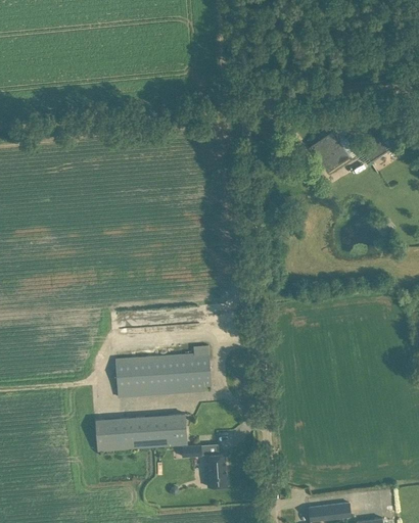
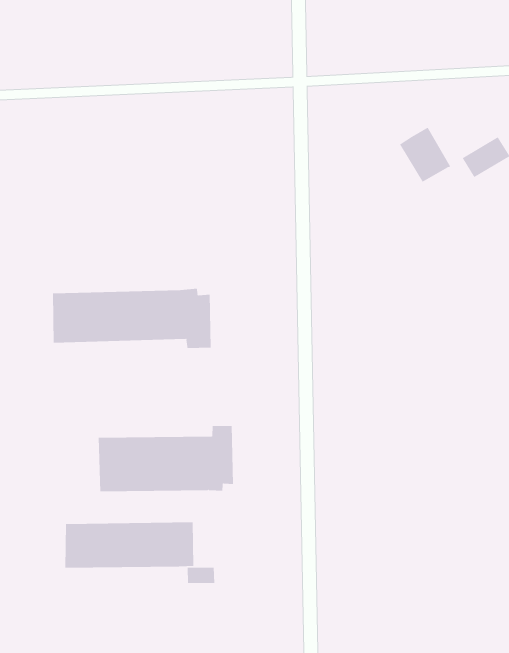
building: none -> [52,288,211,349]
building: [205,454,226,487] -> none

